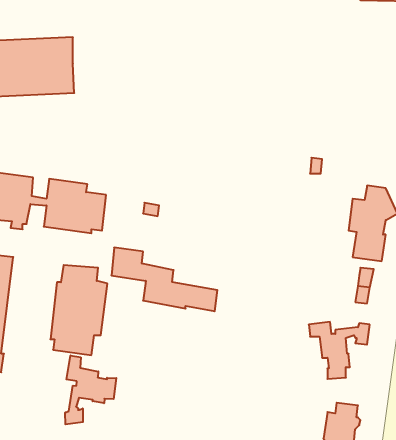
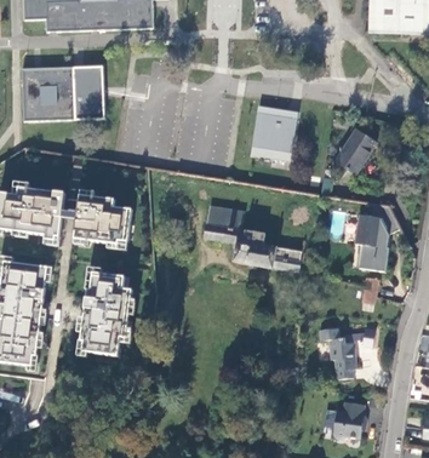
building: none -> [248,104,298,160]
building: none -> [336,128,376,173]
building: [111,248,217,311] -> [205,211,302,269]
building: [65,355,116,424] -> none

